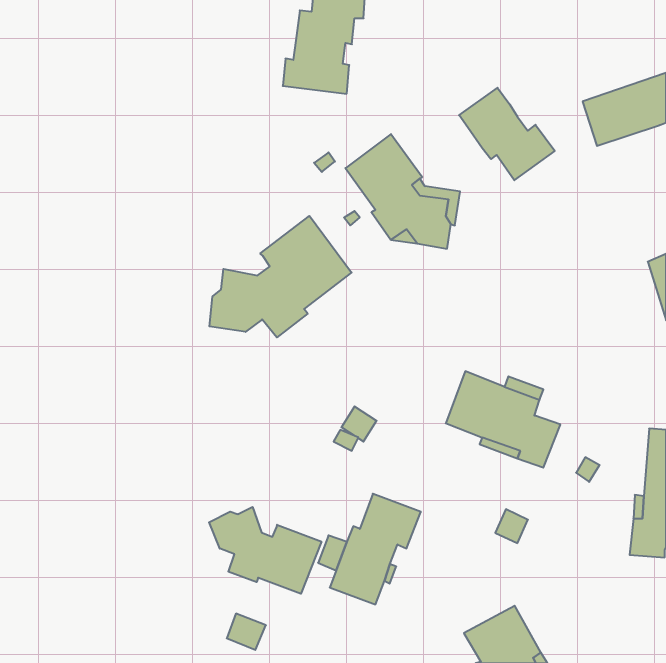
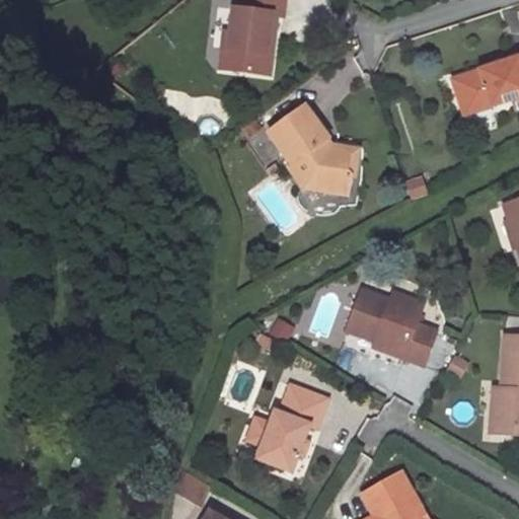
building: [459,88,555,180] -> none
building: [209,216,352,337] -> none
building: [209,507,321,594] -> none

